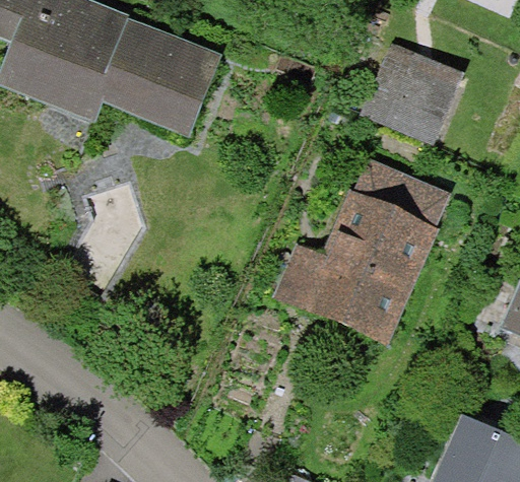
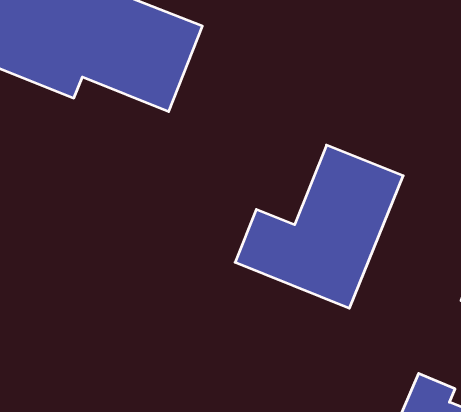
building: [356,48,461,149] -> none

